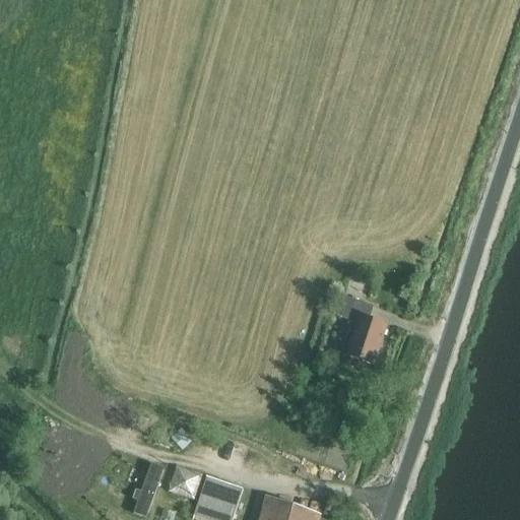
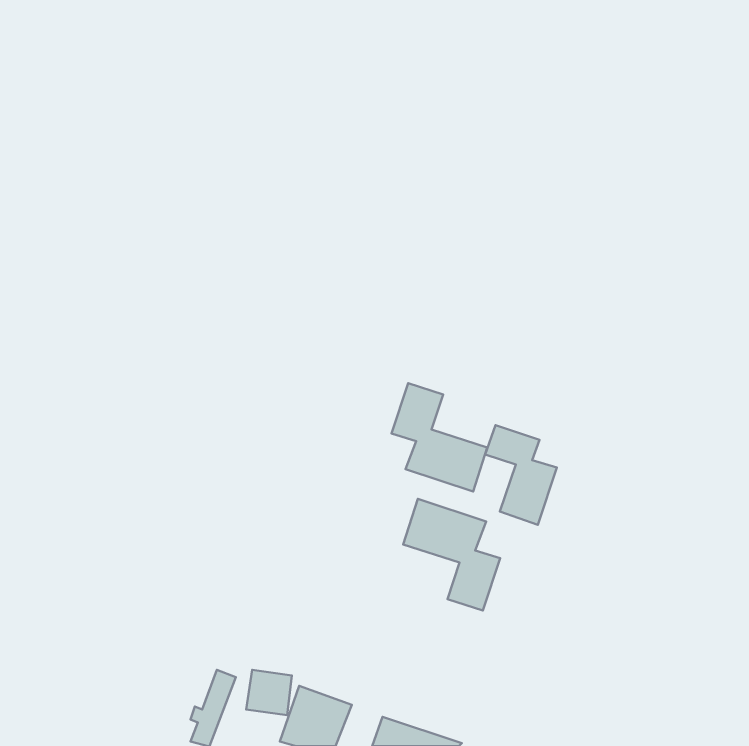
building: none -> [391,383,487,492]
building: none -> [403,499,500,610]

